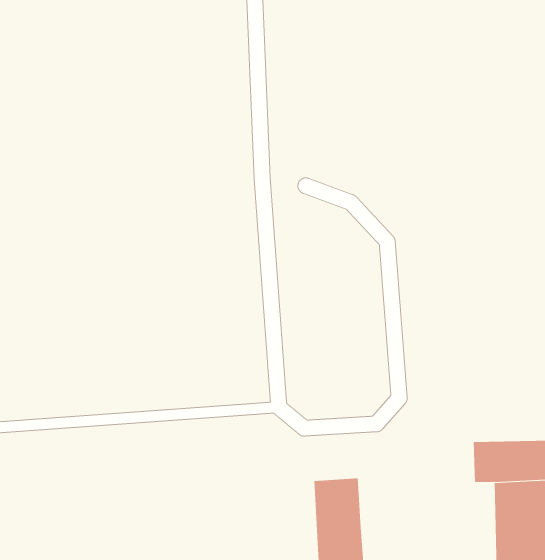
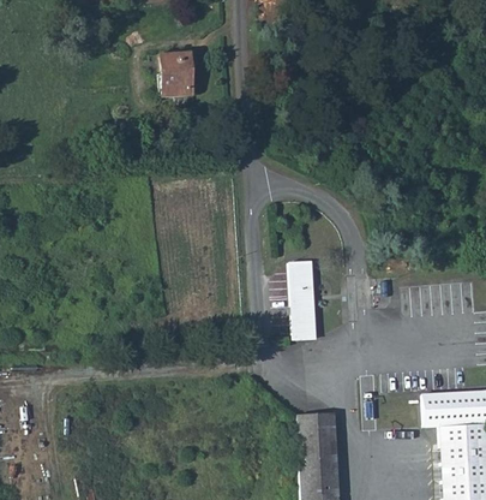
building: none -> [163,49,193,93]
building: none -> [288,261,316,334]

